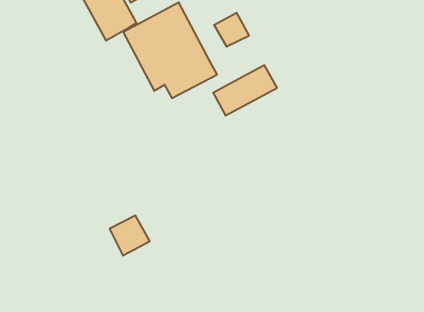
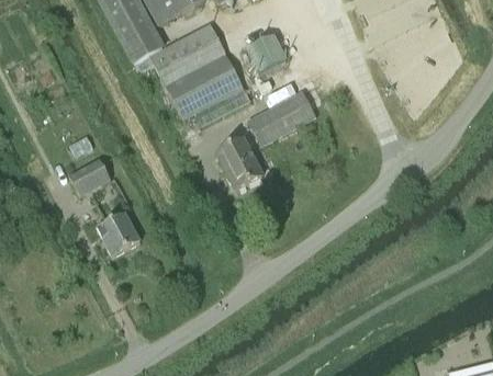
building: none -> [217,137,262,189]
building: none -> [69,158,111,194]
building: [110,215,150,256] -> [98,212,141,254]

